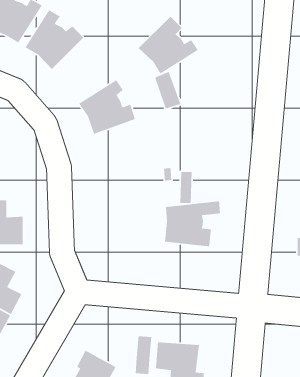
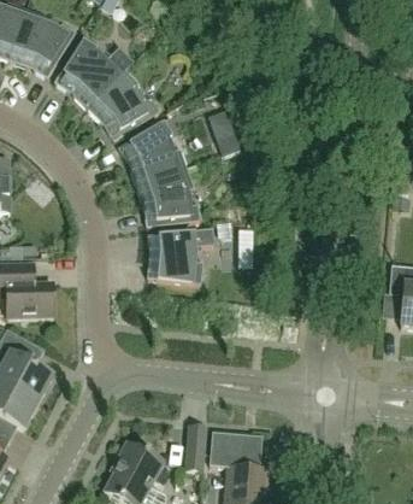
building: [138,16,199,75] -> [87,69,159,139]
building: none -> [136,166,200,225]
building: [164,201,221,247] -> [147,227,214,282]

